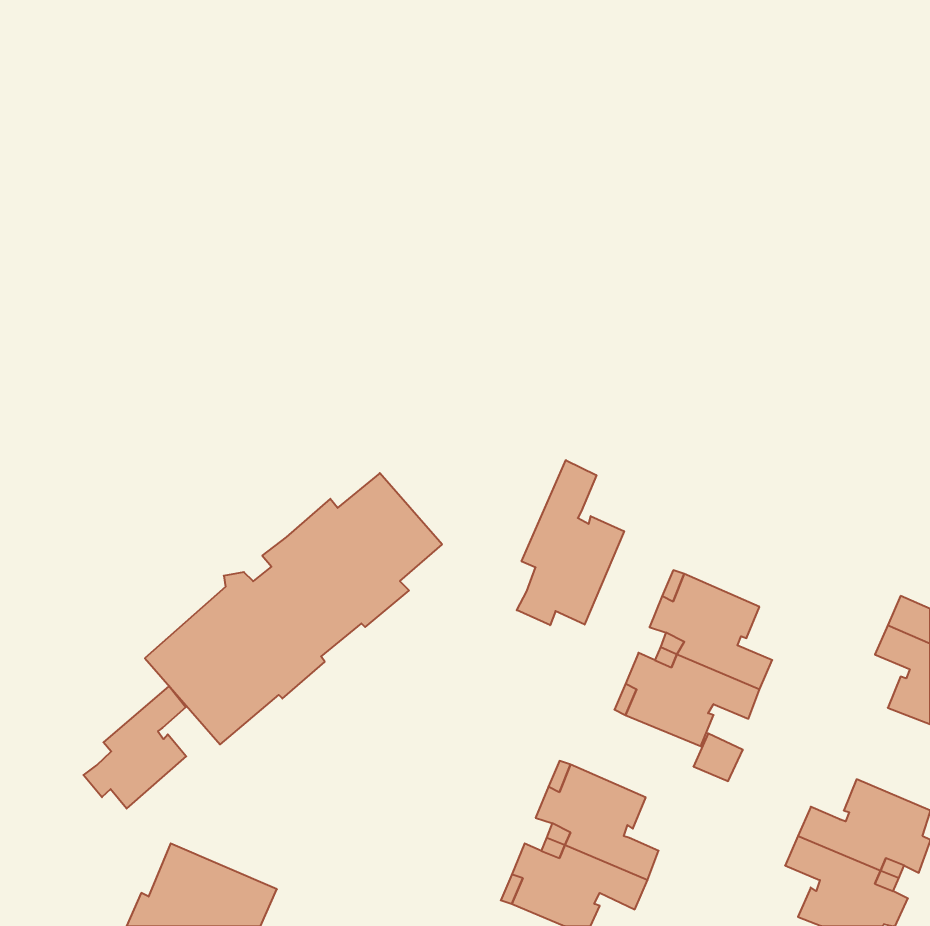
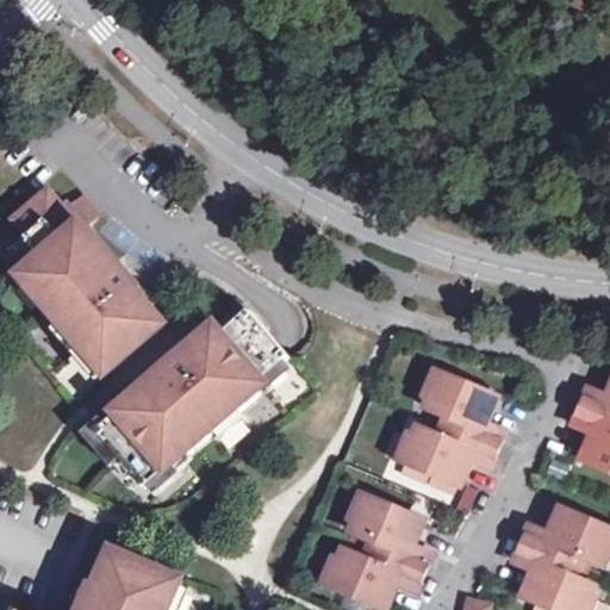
building: none -> [7,187,161,369]
building: [517,460,624,625] -> none
building: [83,686,186,809] -> none

